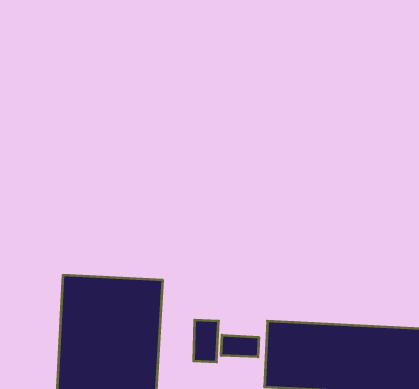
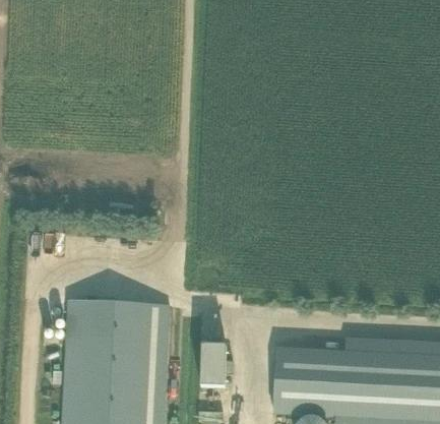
building: [221,335,259,357] -> none

